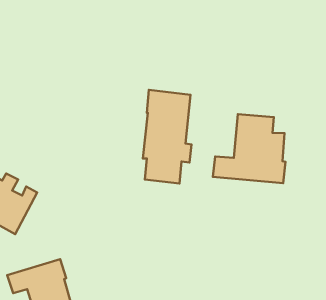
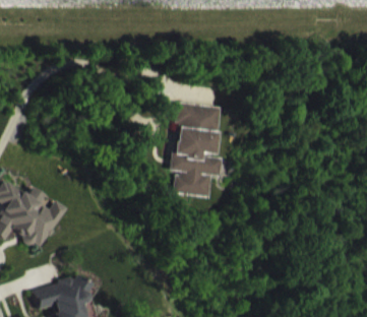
building: [213,114,285,183] -> none

